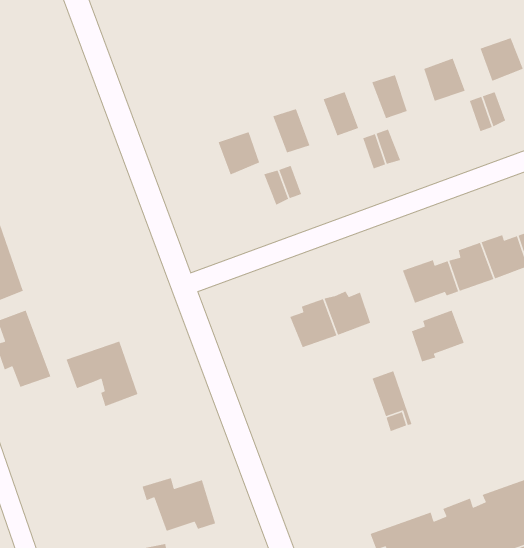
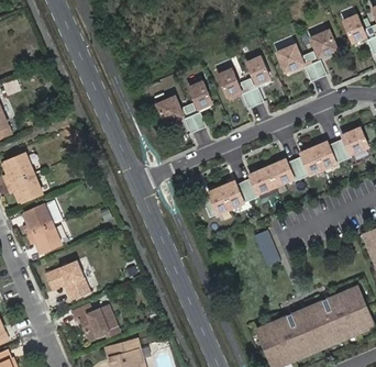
building: [411,309,465,362] -> [244,168,277,201]
building: [66,340,138,407] -> [46,262,91,302]
building: [142,477,216,532] -> [73,307,119,340]

